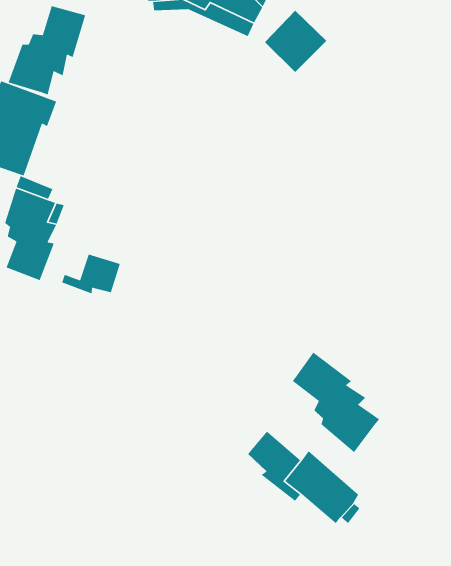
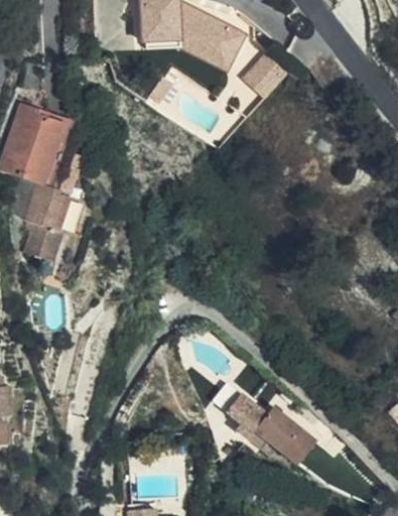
building: [8,5,86,95] -> none
building: [61,253,121,295] -> none
building: [292,351,380,453] -> none

